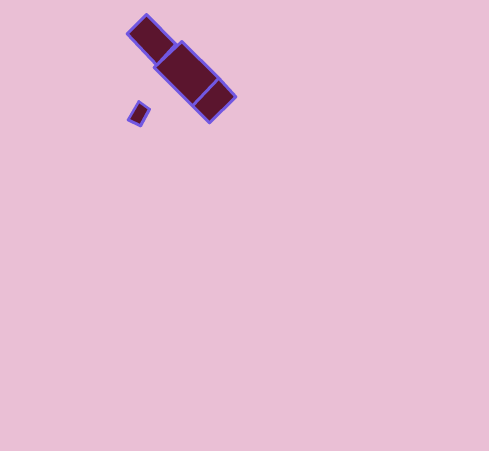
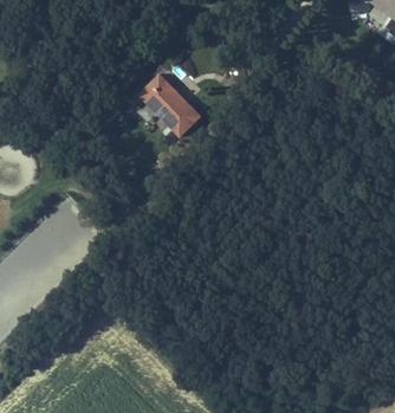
building: [127,15,176,65] -> none

